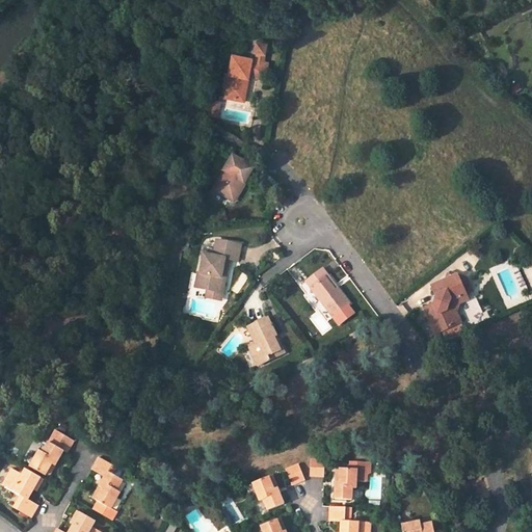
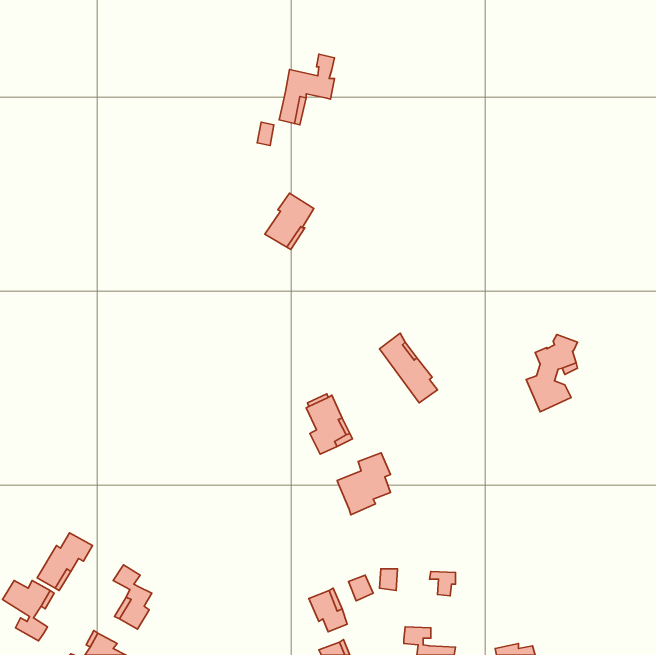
building: [195,240,241,292] -> none
building: none -> [337,453,390,515]
building: [331,468,354,499] -> none

